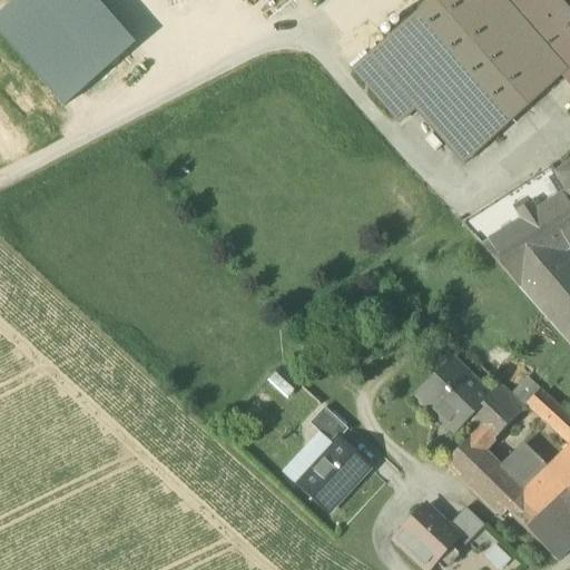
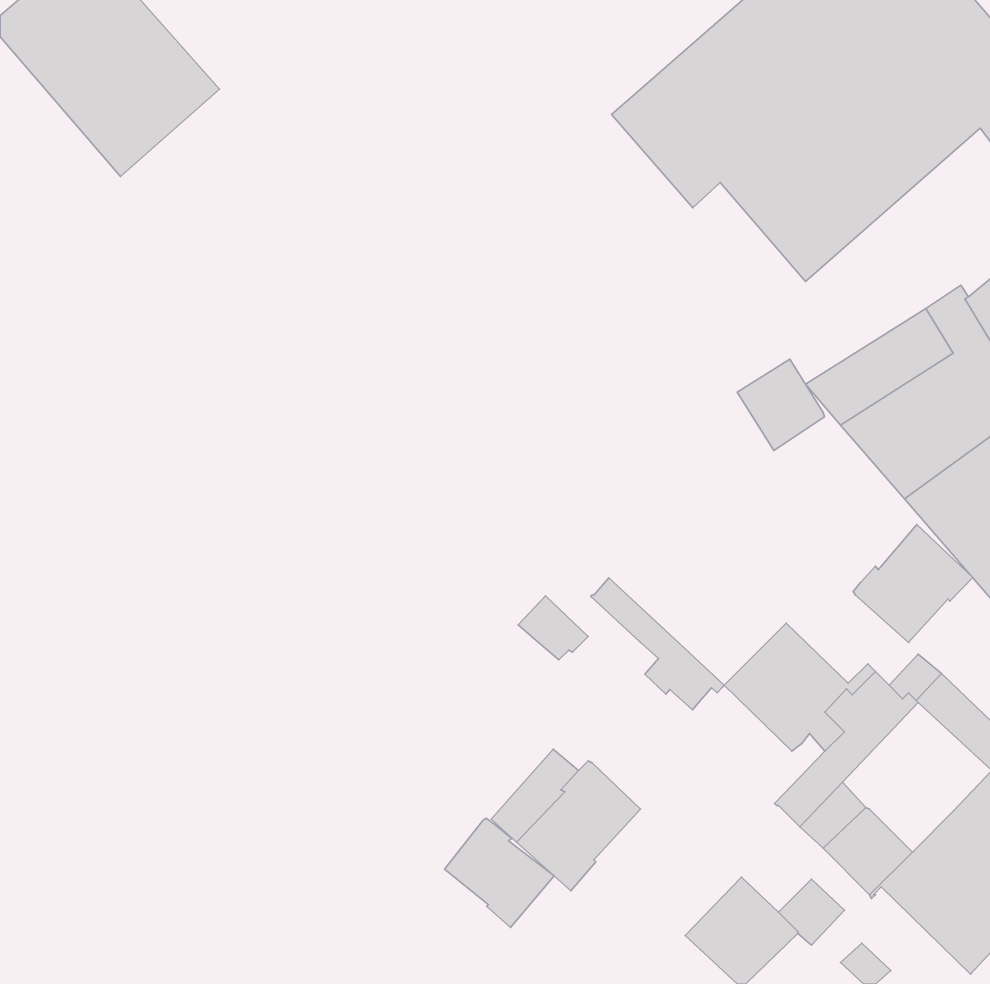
building: none -> [737,359,824,450]
building: none -> [853,525,973,643]
building: none -> [591,578,724,710]
building: [309,405,350,442] -> [518,596,588,660]
building: [500,441,548,489] -> none
building: none -> [444,818,554,927]

